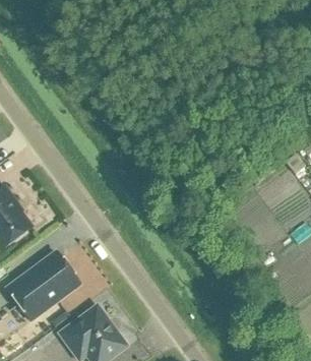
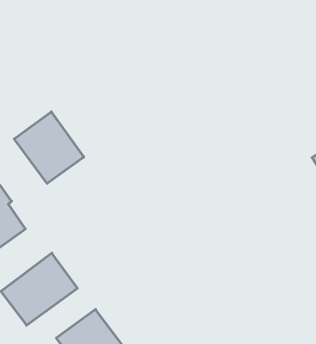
building: none -> [14,112,84,183]

